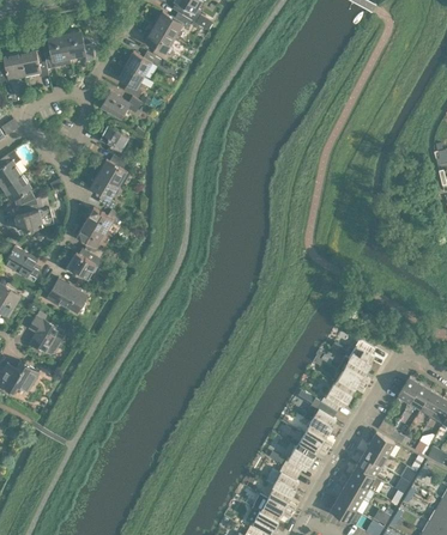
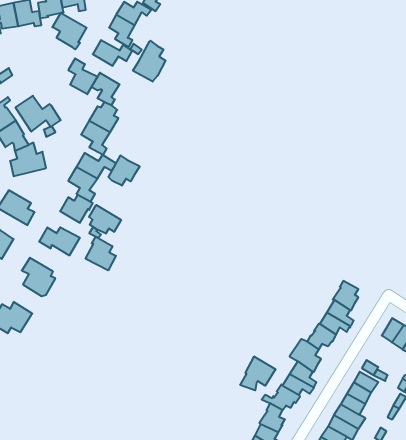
building: none -> [52,13,87,49]
building: none -> [133,41,165,82]
building: none -> [69,58,97,94]
building: none -> [16,96,61,132]
building: none -> [109,155,140,186]
building: none -> [89,205,121,234]
building: none -> [86,237,116,270]
building: none -> [240,356,276,390]

